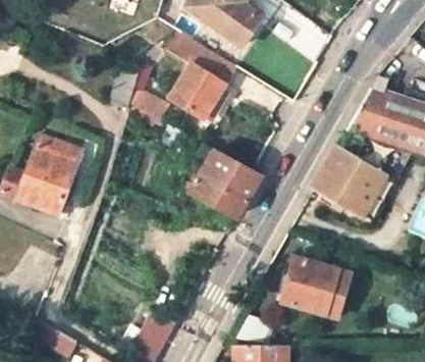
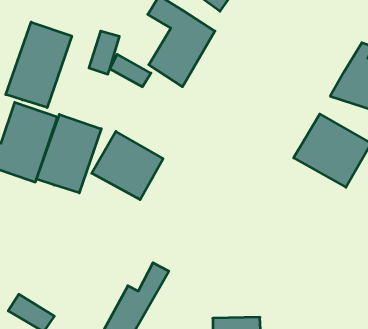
building: none -> [6,22,72,108]
building: none -> [36,114,101,193]
building: [192,150,261,216] -> [92,131,163,200]
building: [281,262,337,318] -> none

